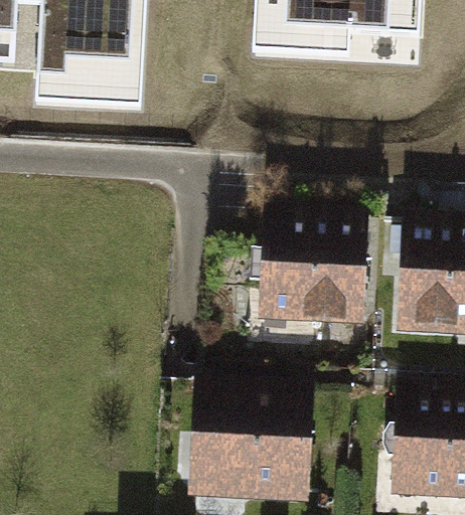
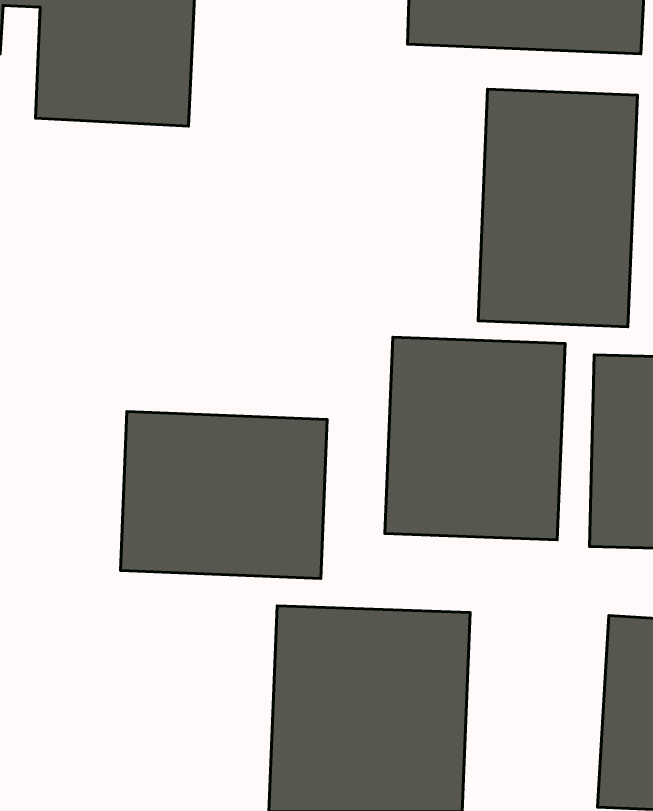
building: none -> [478,89,637,327]
building: none -> [120,411,327,579]

